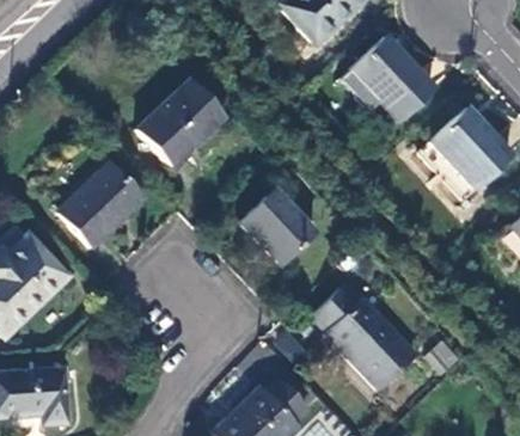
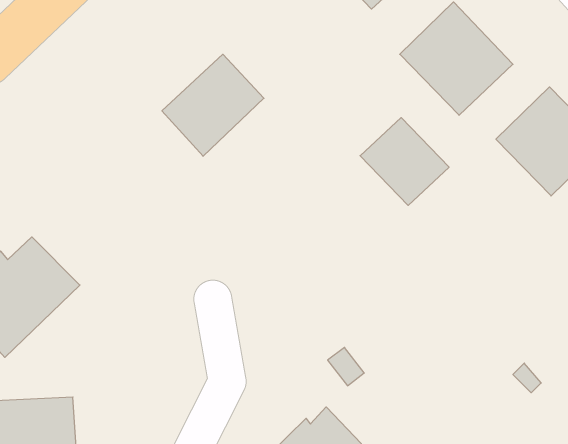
building: [59,164,143,247] -> none
building: [240,189,316,263] -> [360,118,449,205]
building: [314,287,417,387] -> none

